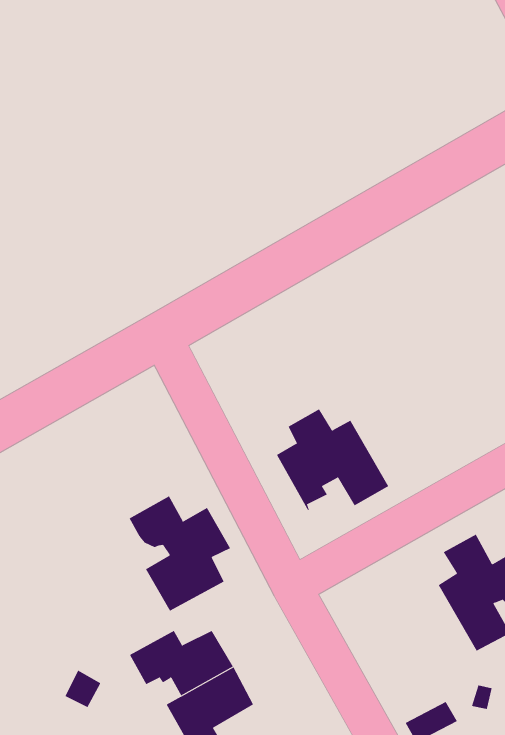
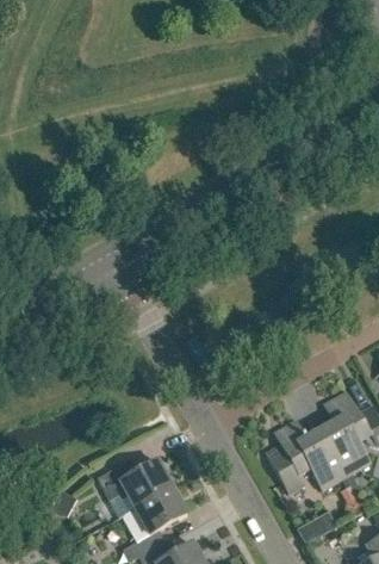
building: [276,408,389,511] -> [266,420,347,494]
building: [129,496,231,611] -> none

